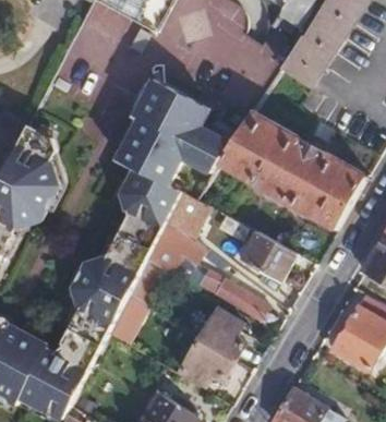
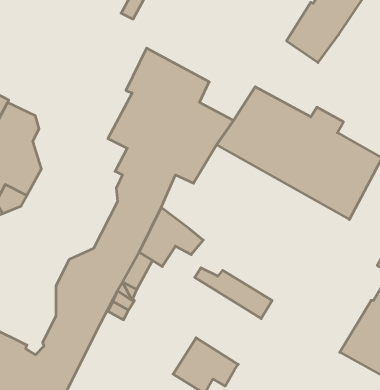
building: [166,190,209,239] -> none
building: [240,231,295,282] -> none
building: [197,306,246,361] -> none

